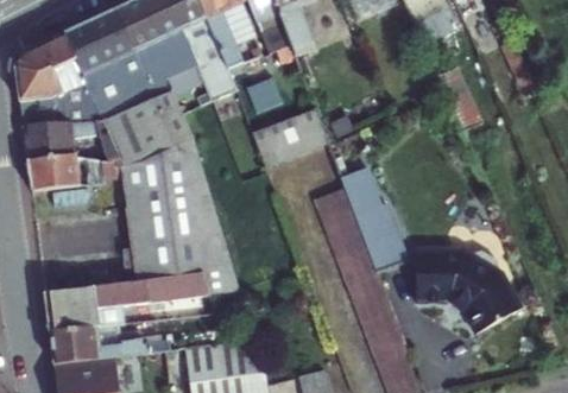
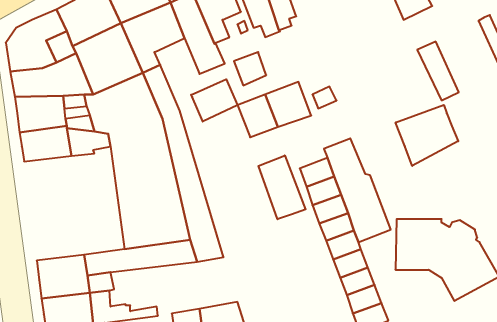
building: none -> [191,79,237,122]
building: none -> [396,105,458,166]
building: none -> [258,155,306,219]

